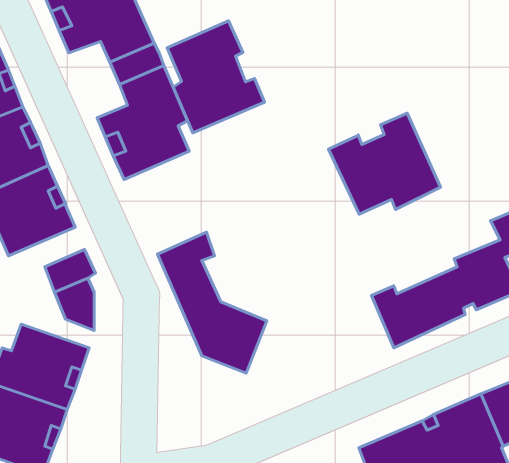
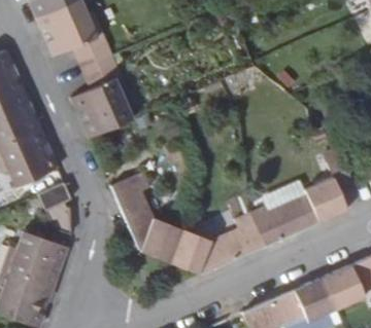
building: [167,21,264,133] -> none
building: [328,113,441,214] -> none
building: none -> [170,213,266,275]

